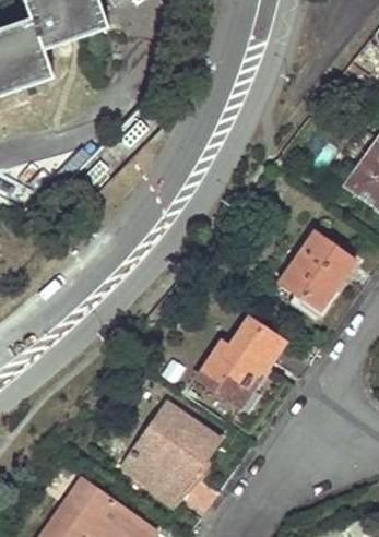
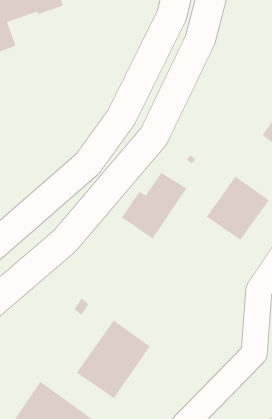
building: [199,319,279,399] -> [121,172,188,240]
building: [152,427,226,506] -> none

